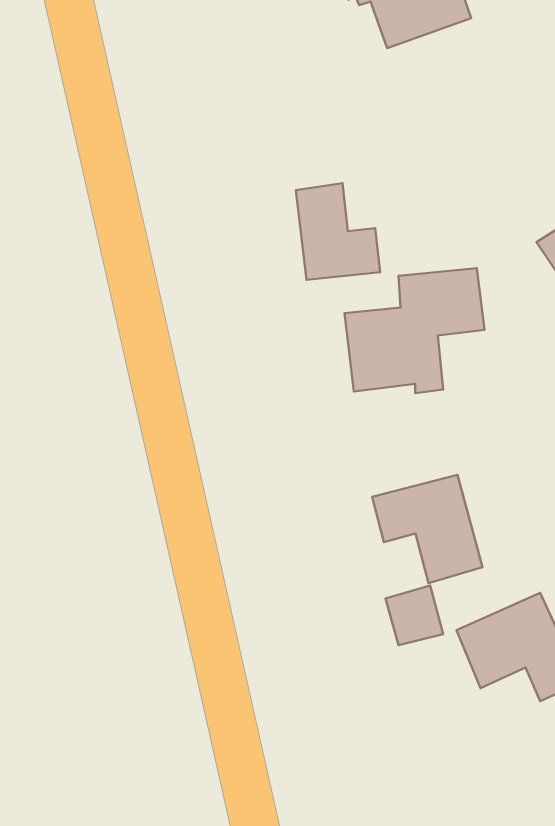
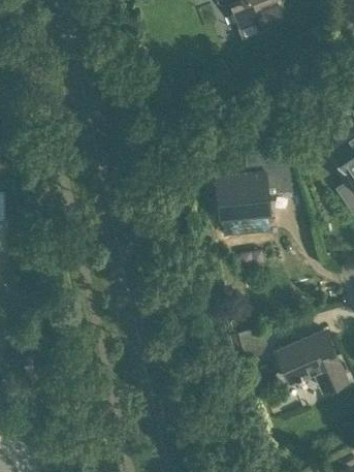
building: [296,183,380,280] -> none
building: [372,475,482,583] -> none

